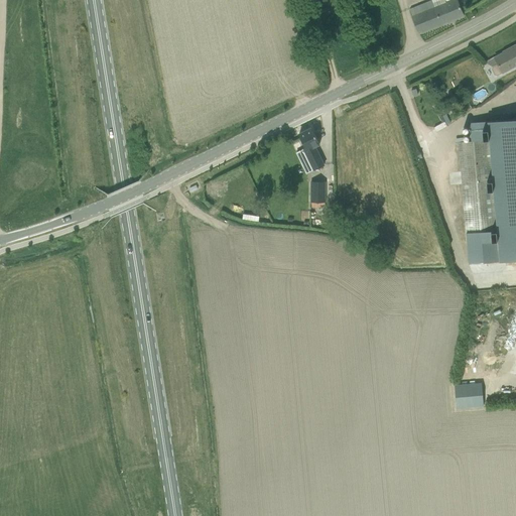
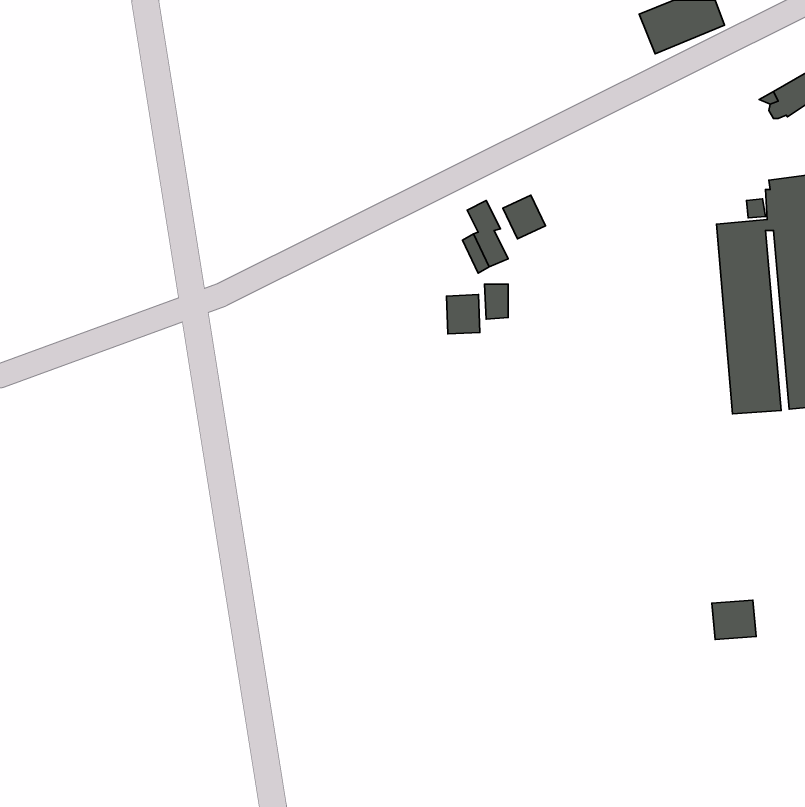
building: none -> [503,195,545,239]
building: none -> [446,295,480,334]

